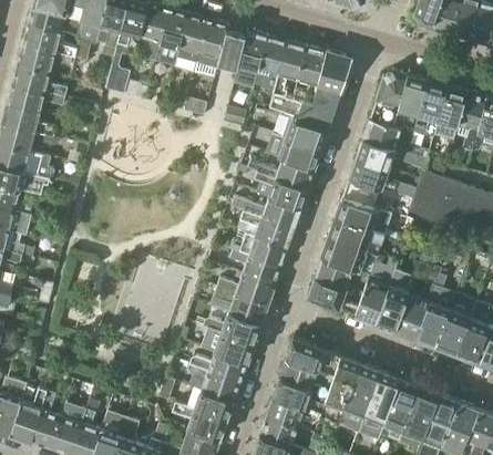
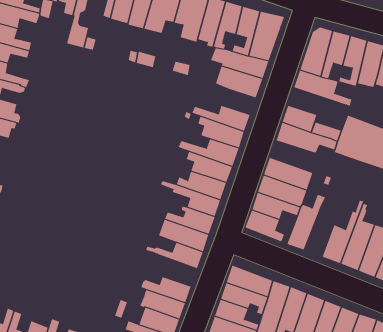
building: [266,134,320,169] -> none
building: [356,138,427,169] -> none
building: [335,198,388,235] -> none
building: [374,269,415,330] -> none
building: [201,327,254,363] -> none

